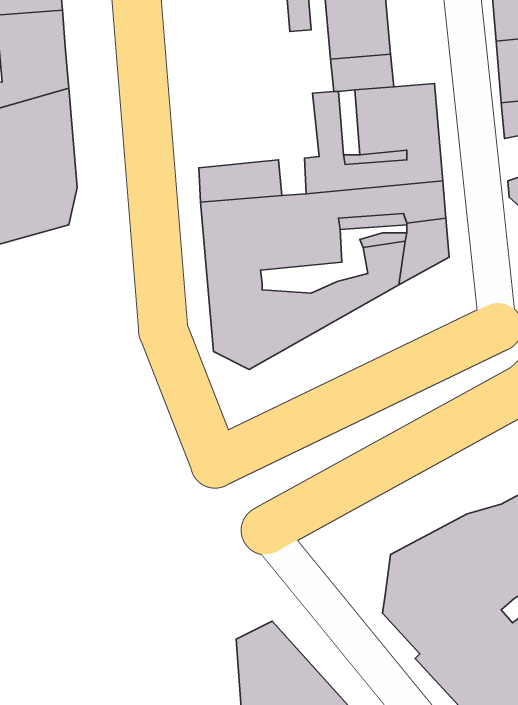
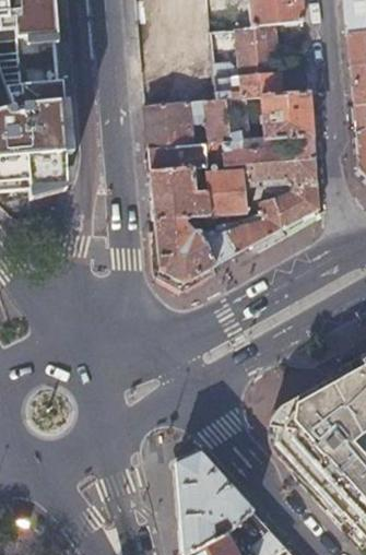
building: none -> [145,97,231,147]

